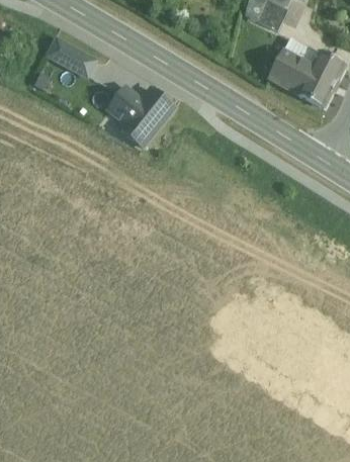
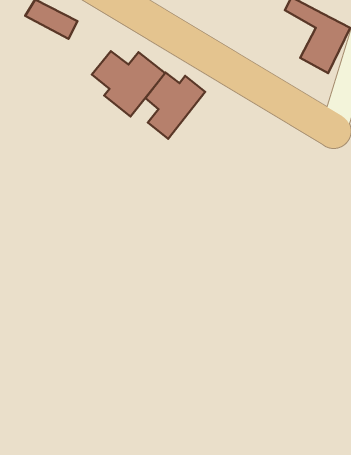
building: [269,50,313,93] -> none
building: none -> [146,73,205,139]

